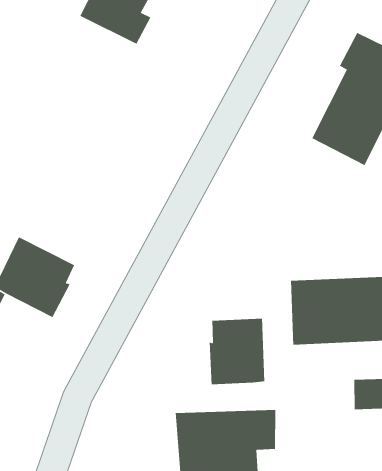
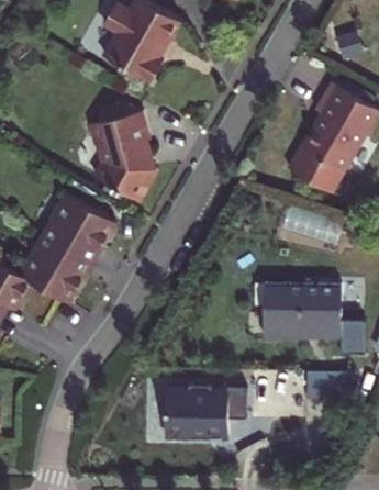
building: none -> [87,104,151,202]
building: none -> [43,193,114,260]
building: [209,318,265,385] -> none

